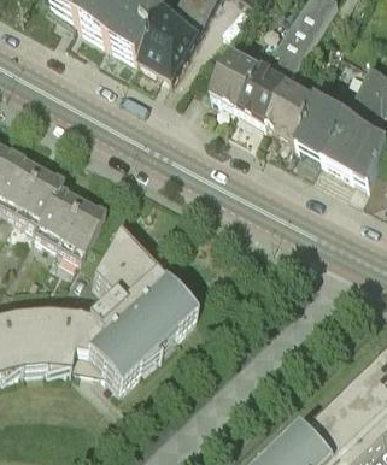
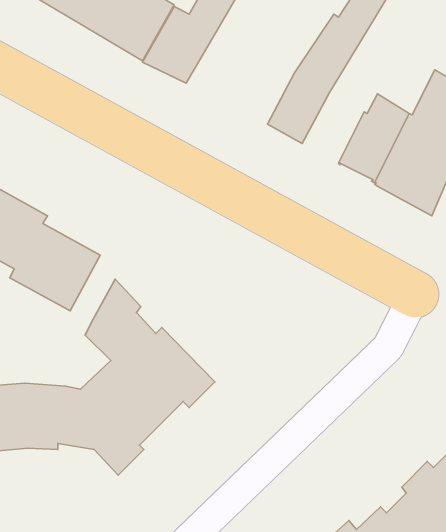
building: [211,13,291,107] -> none
building: [265,82,315,139] -> none

